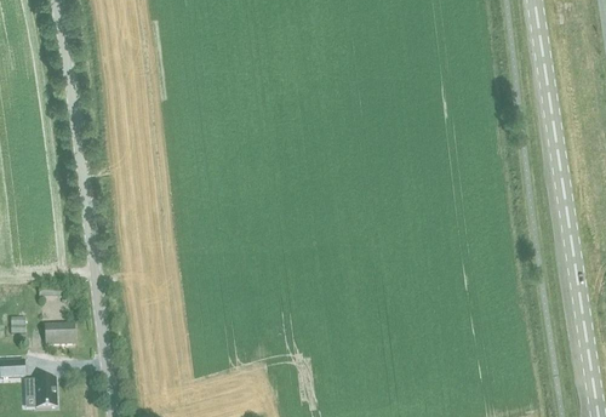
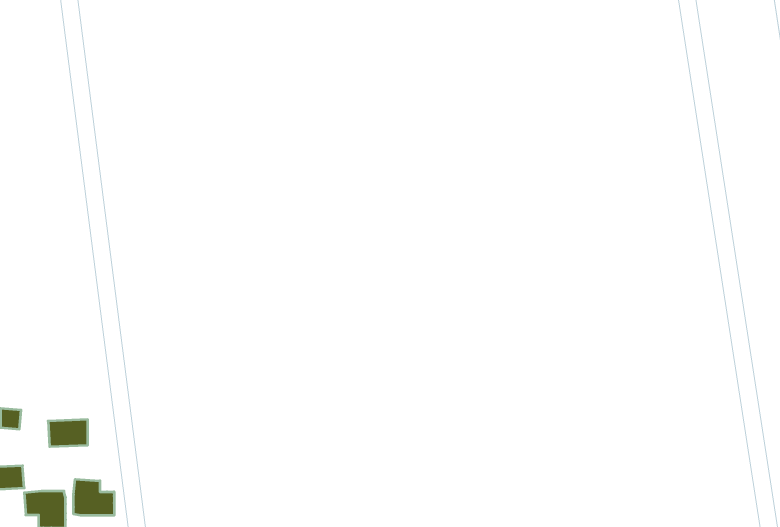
building: none -> [74,479,114,515]

